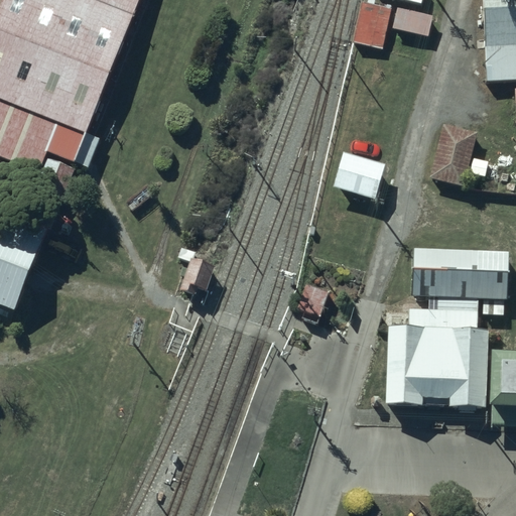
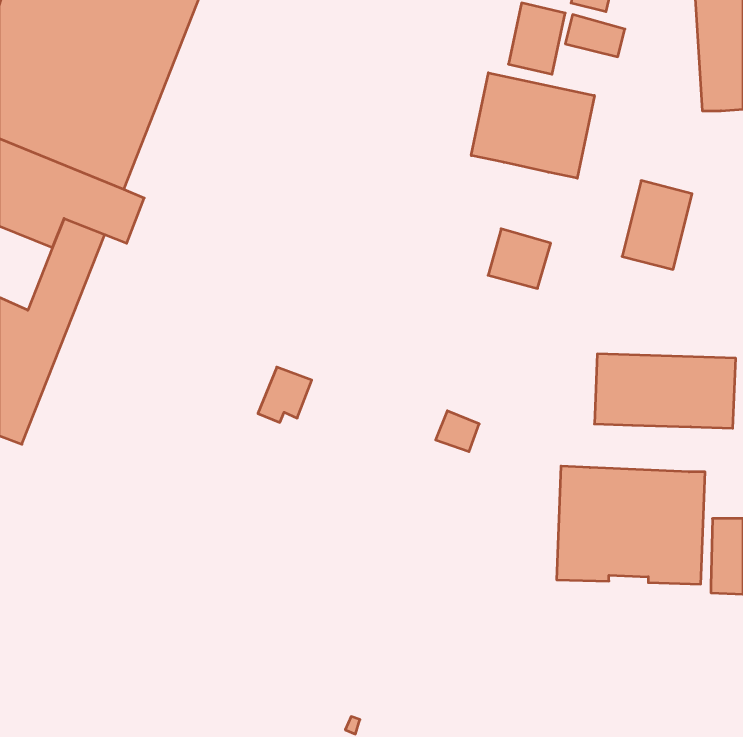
building: none -> [471,73,594,178]
building: [408,294,478,327] -> none

